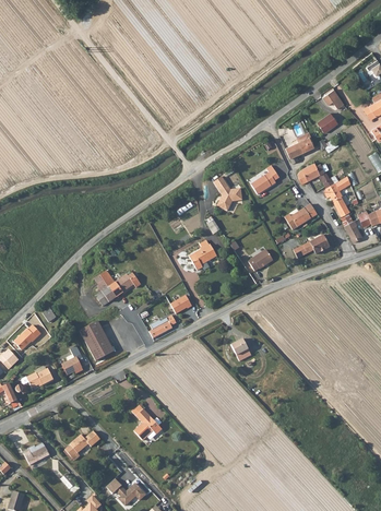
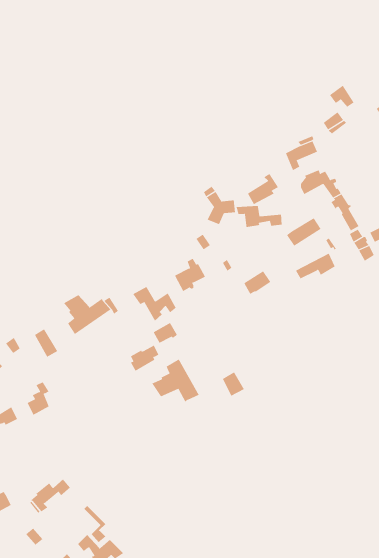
building: none -> [236,205,282,228]
building: none -> [132,286,176,321]
building: [80,321,114,361] -> none
building: none -> [151,359,200,402]
building: [132,409,160,441] -> none

